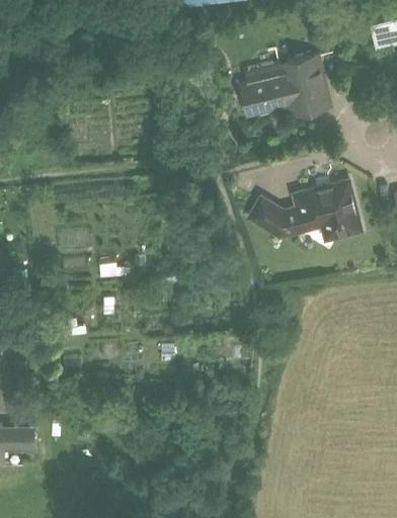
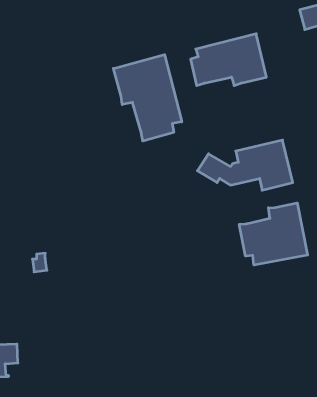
building: none -> [113,55,182,141]
building: none -> [239,203,308,265]

